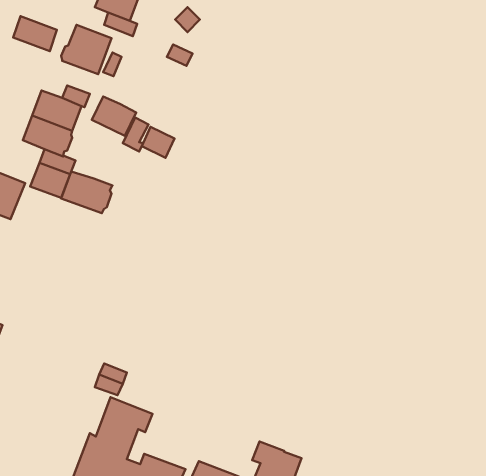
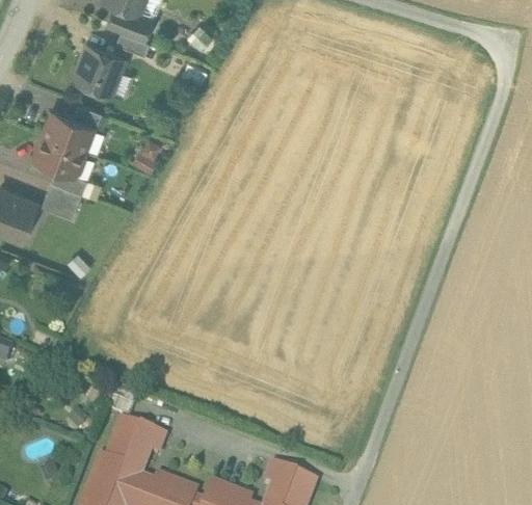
building: [13,16,57,51] -> none
building: [92,97,136,136] -> none
building: [142,127,174,158] -> none
building: [61,171,113,213] -> none

